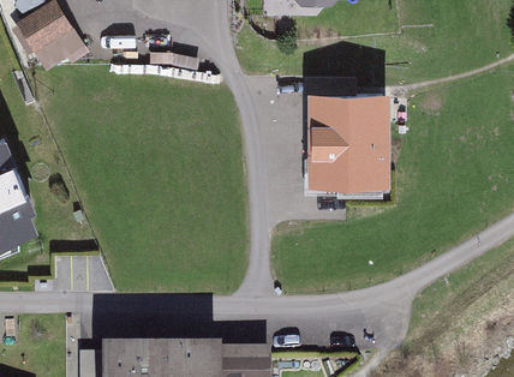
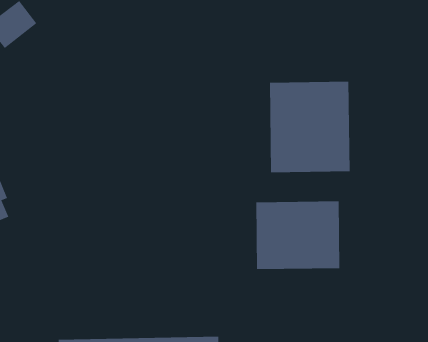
building: none -> [256,201,340,270]

